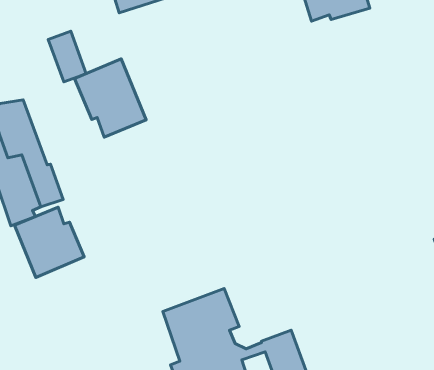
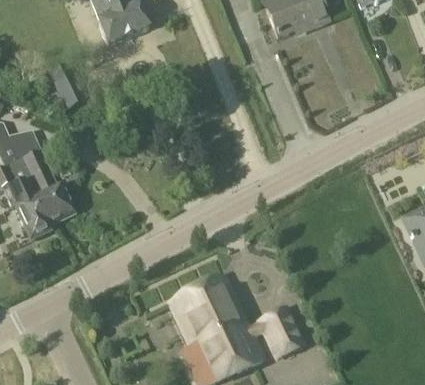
building: [75,59,146,137] -> none
building: [14,207,84,277] -> none

